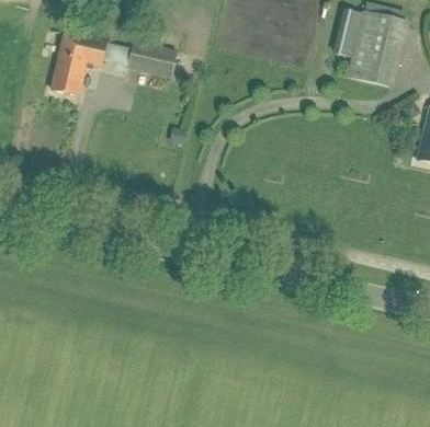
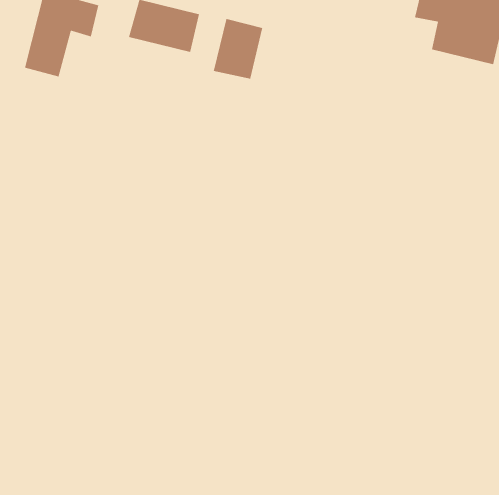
building: none -> [213,18,263,79]

